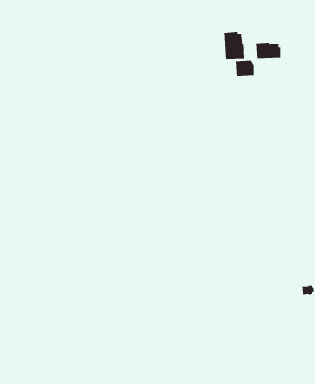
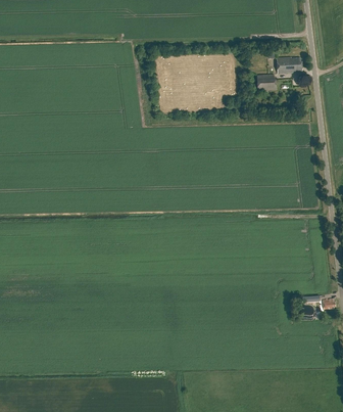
building: [224,31,244,60] -> none

